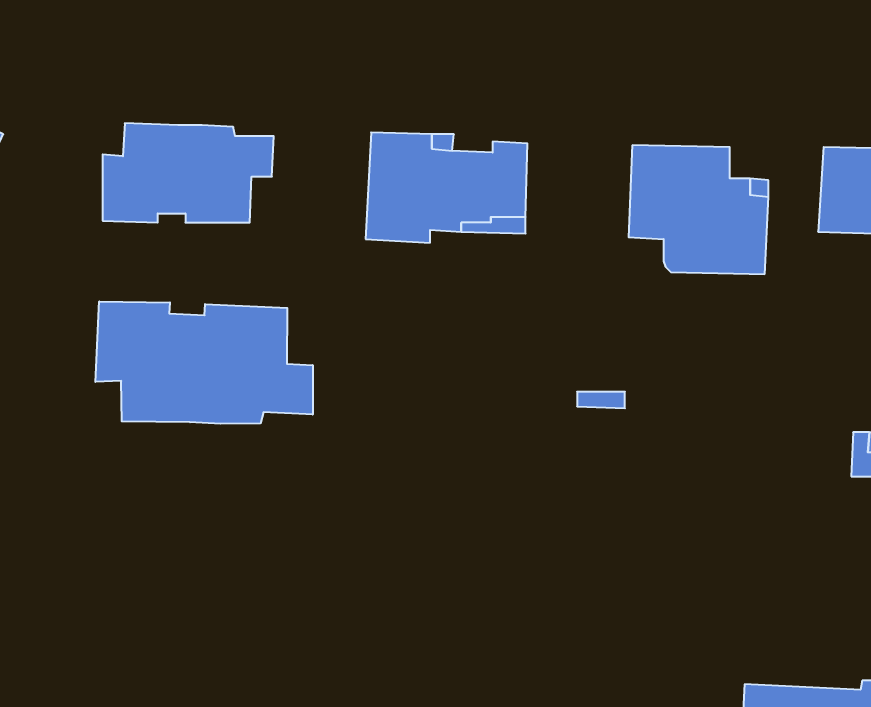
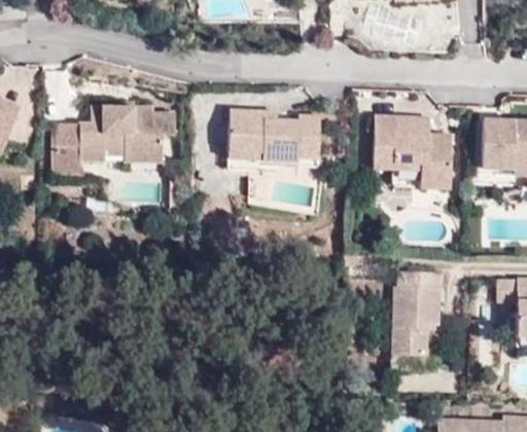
building: none -> [56,121,78,173]
building: [95,301,313,424] -> none
building: none -> [391,271,441,356]

